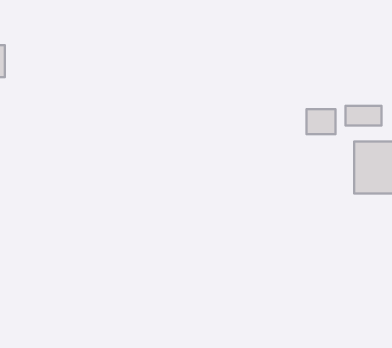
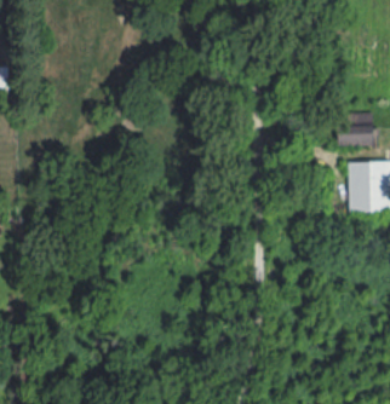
building: [307,109,336,134] -> none

